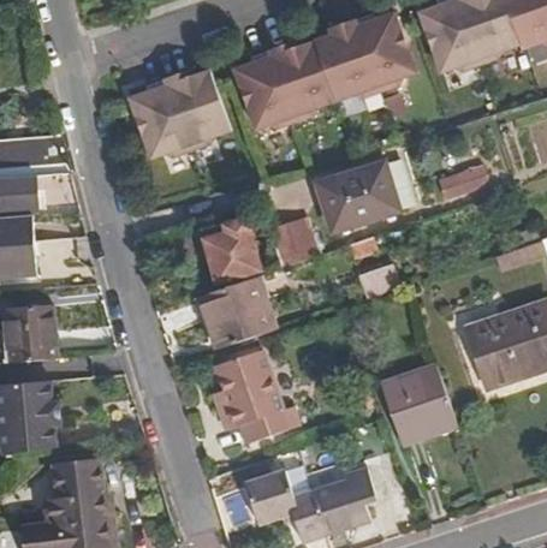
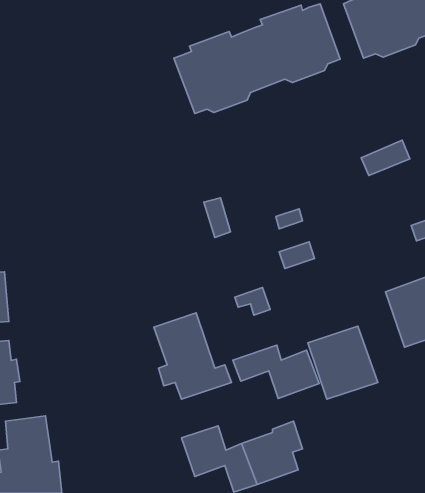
building: [135,81,237,169] -> none
building: [315,161,399,233] -> none
building: [200,216,261,281] -> none
building: [197,275,275,349] -> none
building: none -> [233,345,319,399]

